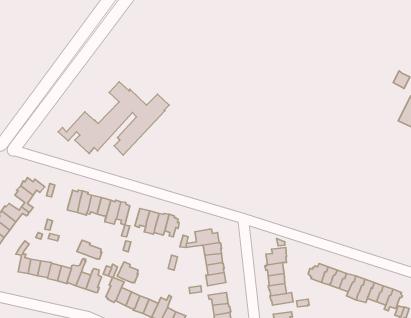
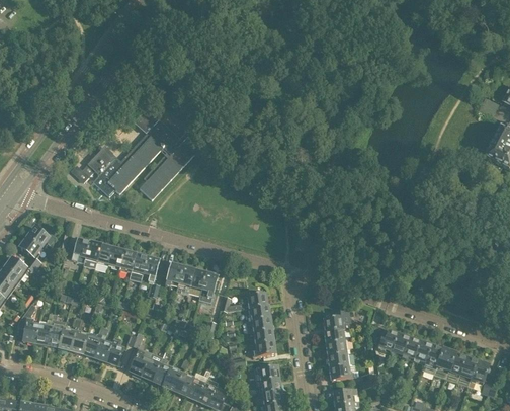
building: none -> [64,239,89,263]
building: [77,240,102,259] -> none
building: [117,262,138,283] -> none

